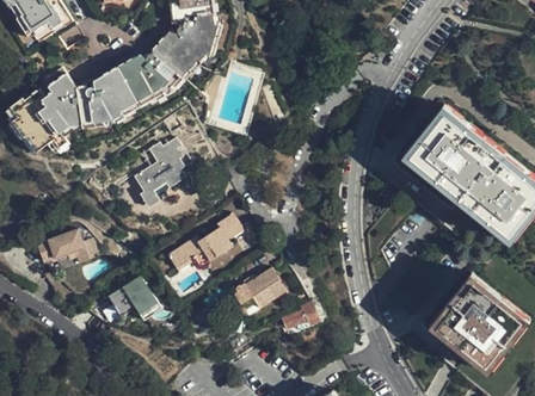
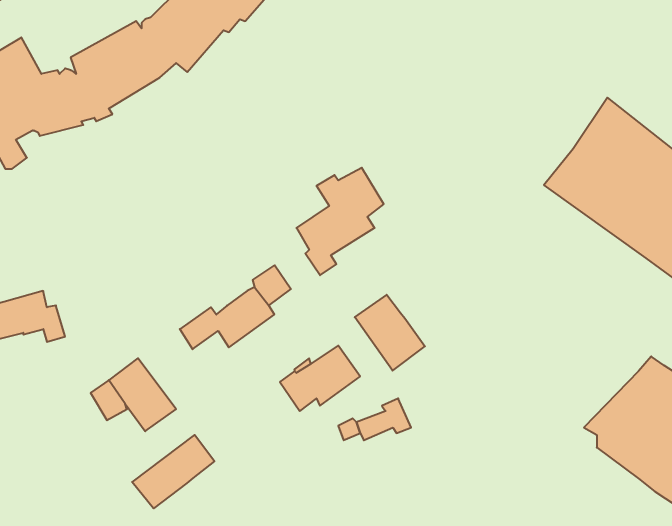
building: [131,138,189,209] -> [296,168,384,275]
building: none -> [355,295,425,371]
building: none -> [132,435,214,508]

